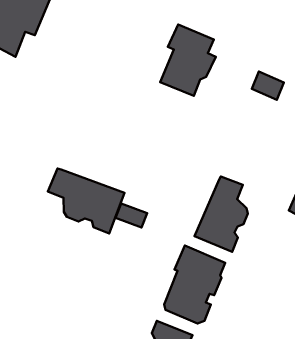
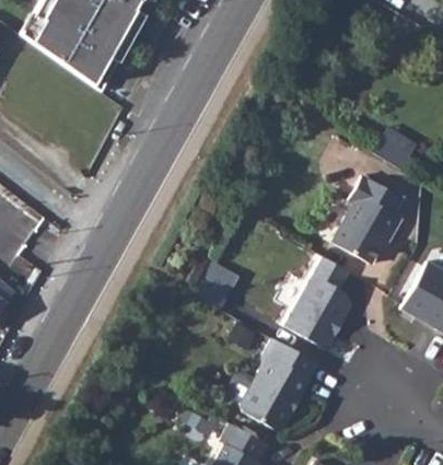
building: [160,24,216,96] -> [331,174,401,261]
building: [48,169,124,233] -> none

